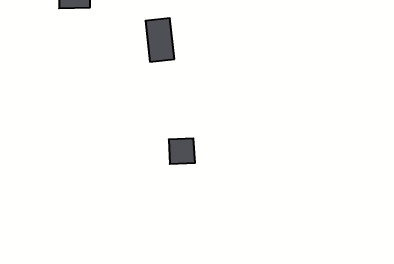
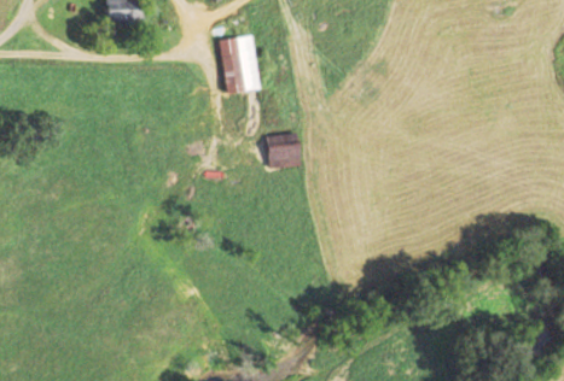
building: [169,138,195,164] -> [267,133,302,166]

